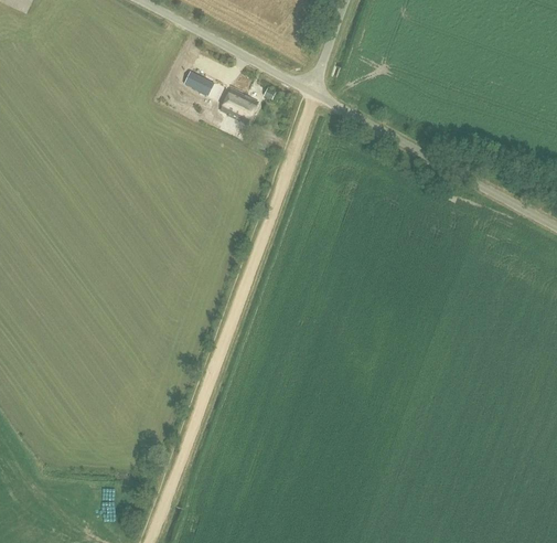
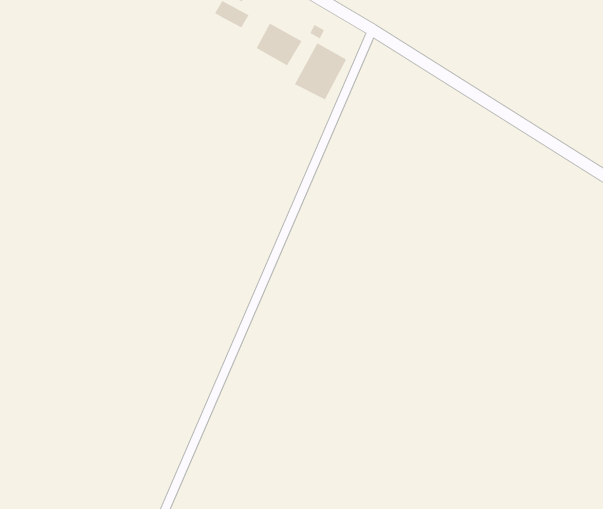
building: none -> [294,43,347,100]

